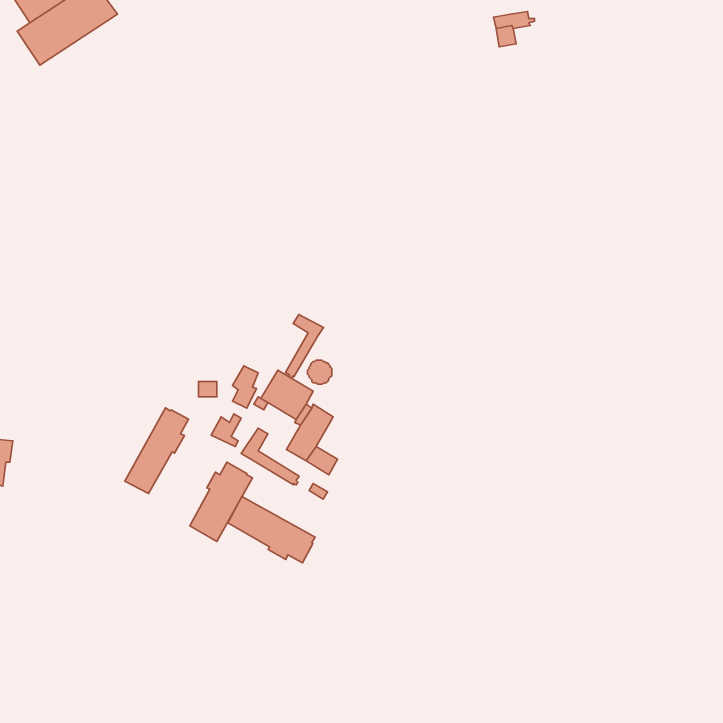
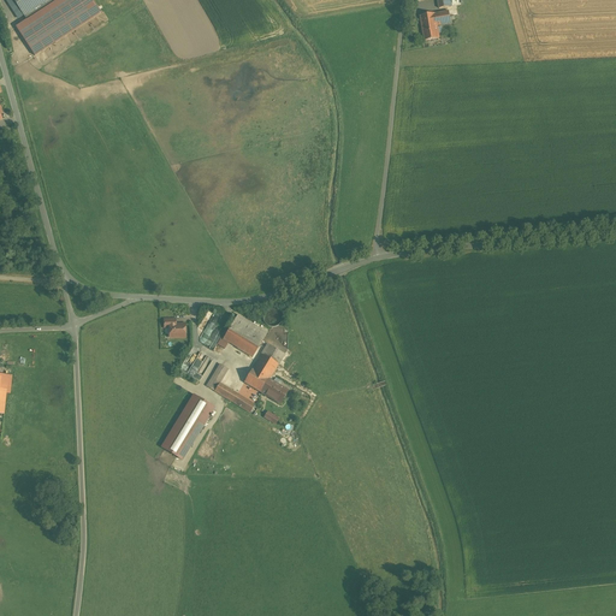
building: [286,314,323,378] -> none
building: [125,408,189,494] -> none
building: [228,497,315,563] -> none

